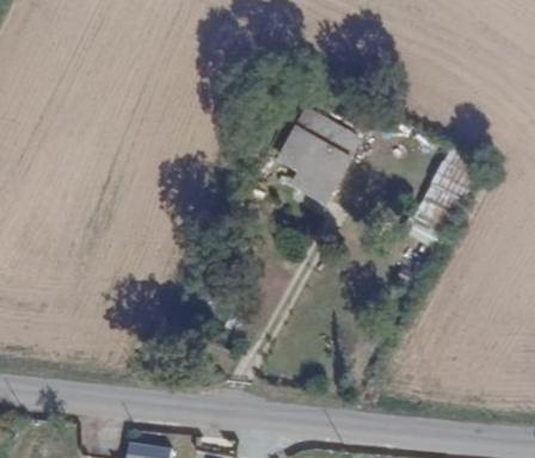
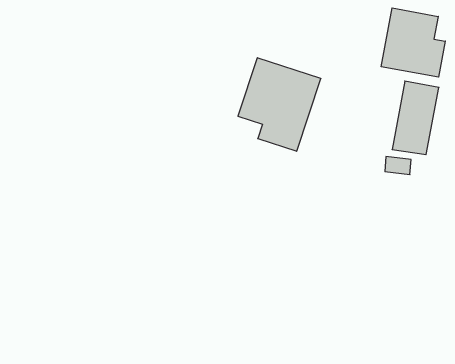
building: none -> [381,8,445,77]

